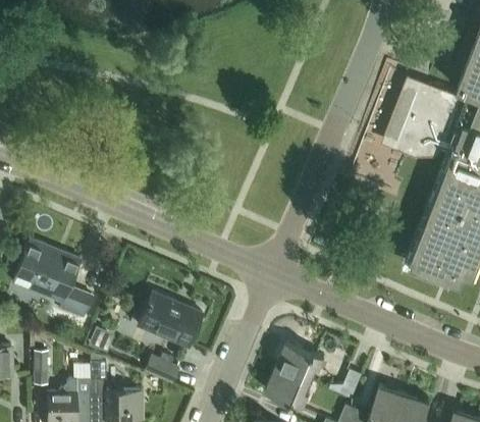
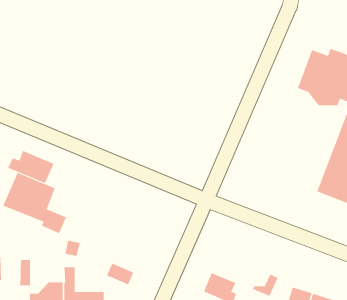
building: none -> [8,150,54,184]
building: [137,292,201,346] -> none
building: [277,342,325,380] -> none

